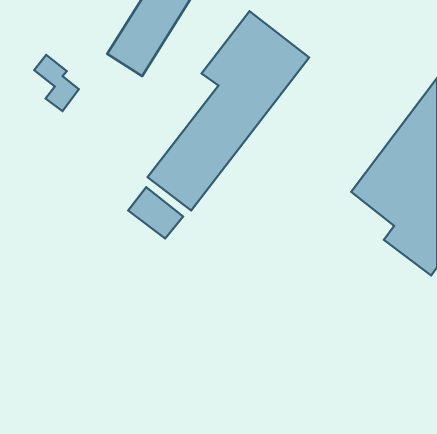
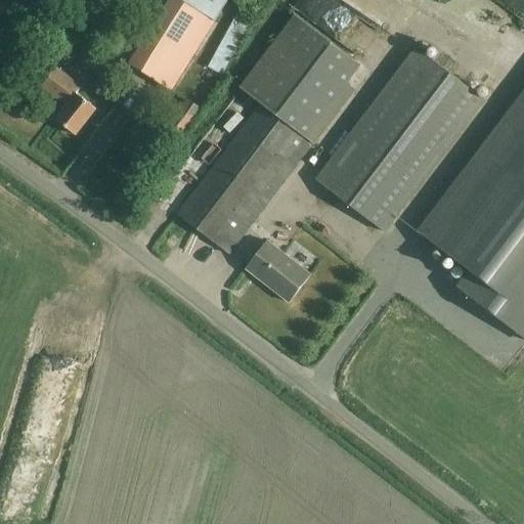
building: none -> [317,46,485,229]
building: [128,187,183,239] -> [245,238,310,300]

